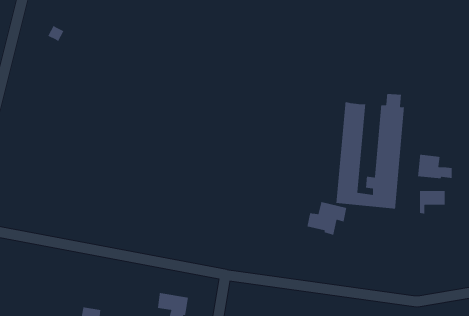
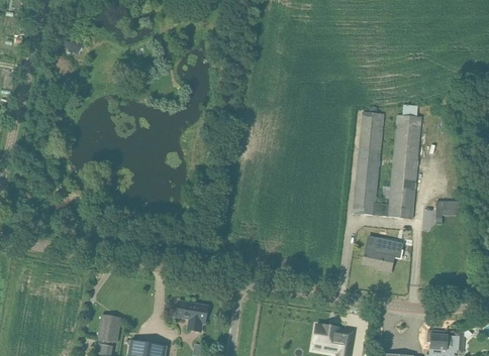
building: [417,154,453,179] -> none
building: [306,201,347,236] -> [363,237,403,271]

